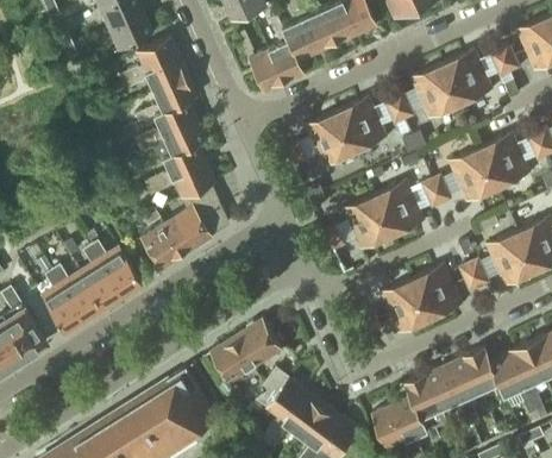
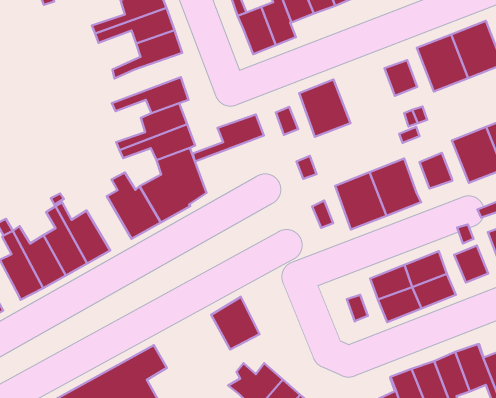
building: [339,98,388,151] -> none
building: [134,99,199,145] -> [193,114,264,161]
building: [213,334,258,382] -> none

